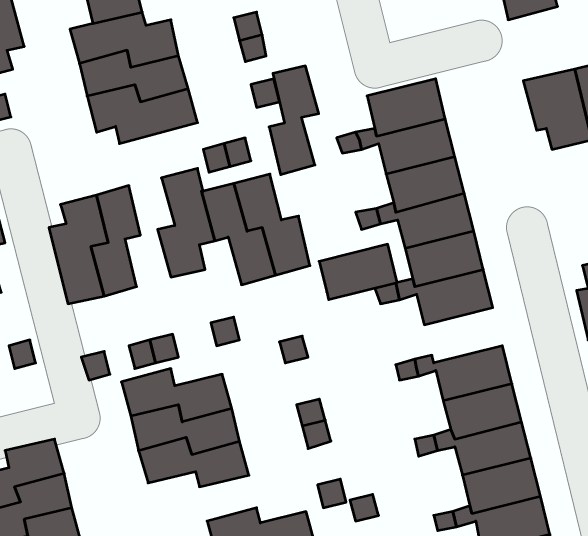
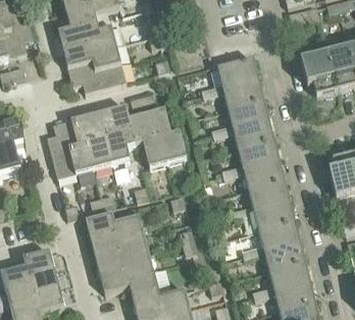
building: [269,66,319,175] -> [88,110,114,168]
building: [319,244,397,300] -> [248,179,290,209]
building: none -> [100,267,158,294]

